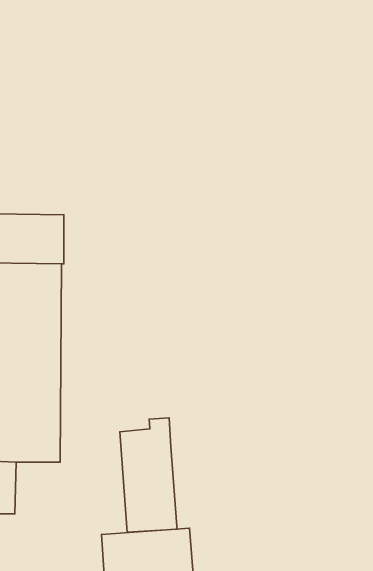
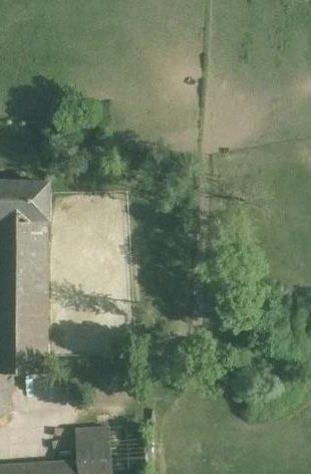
building: [120,418,177,532] -> none

